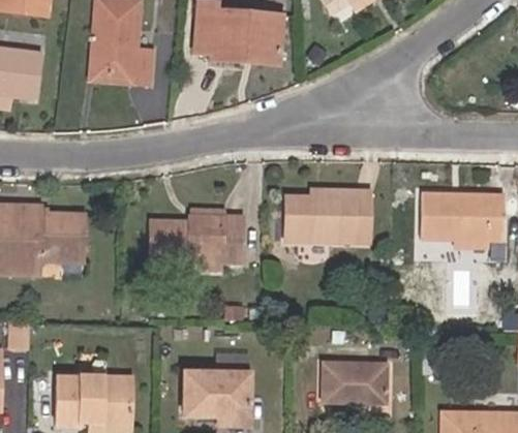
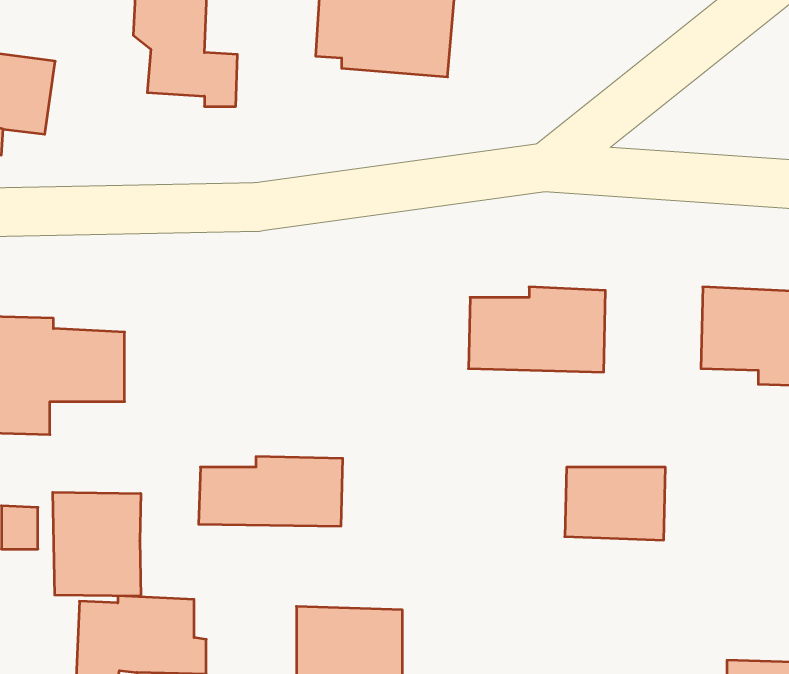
building: [154,216,240,257] -> [199,457,343,526]
building: none -> [53,492,141,596]
building: [324,360,384,403] -> [565,467,665,540]

